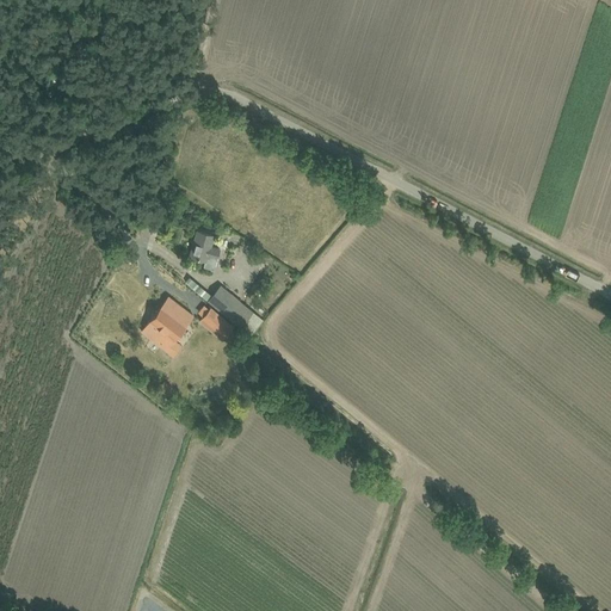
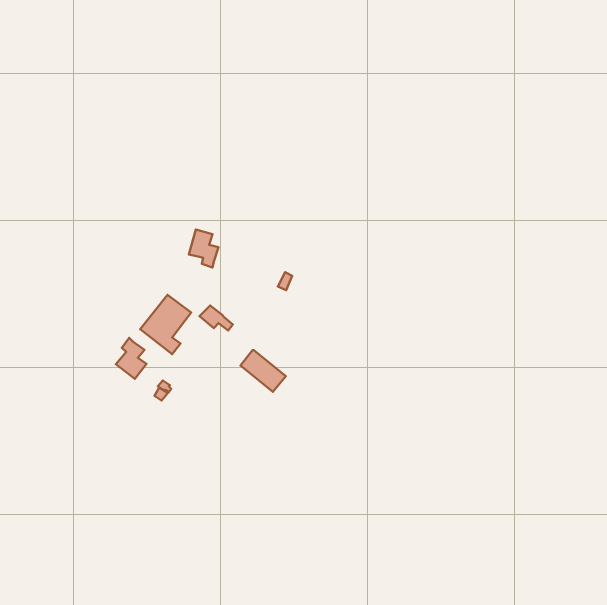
building: [208,286,253,328] -> [241,350,286,392]
building: none -> [116,338,146,379]

